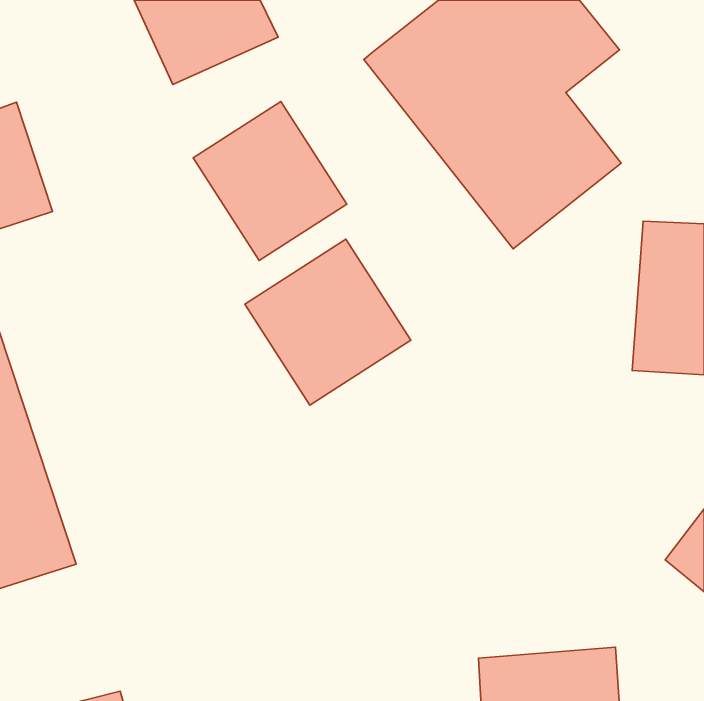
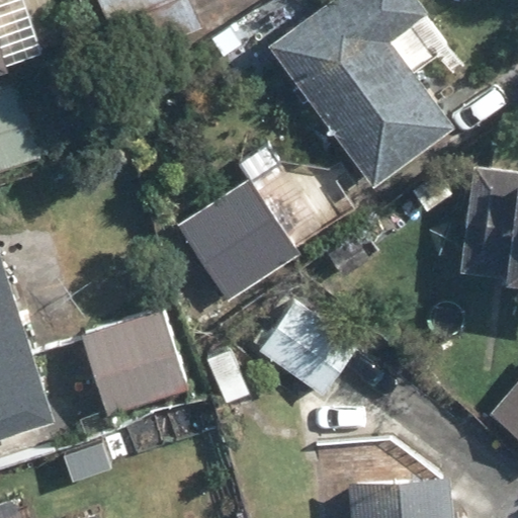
building: [193,101,347,260] -> none
building: none -> [244,294,359,401]
building: none -> [82,312,188,415]

